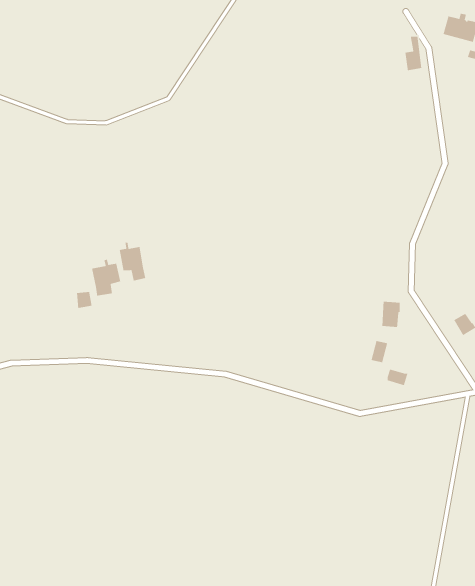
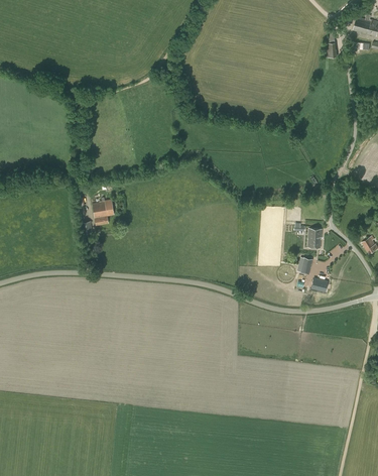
building: [119,242,146,281] -> none

